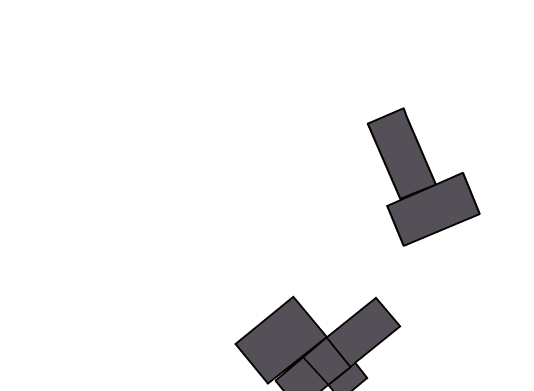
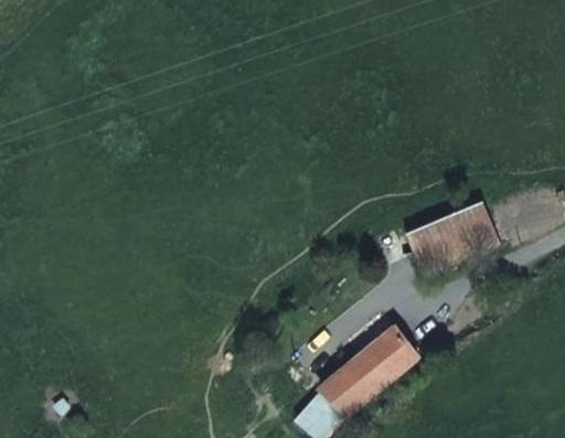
building: [368,108,436,199] -> none
building: [235,297,327,384] -> none

